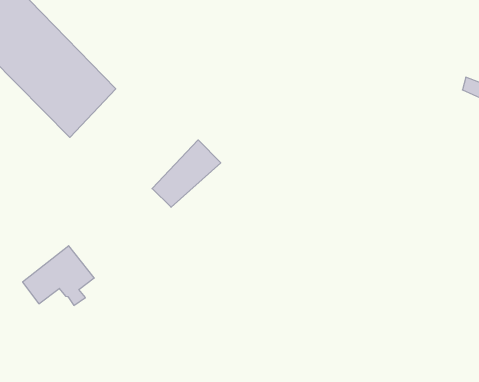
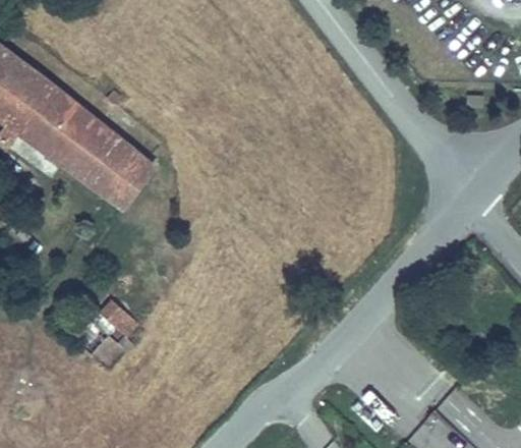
building: [152,140,221,207] -> [96,142,155,208]

